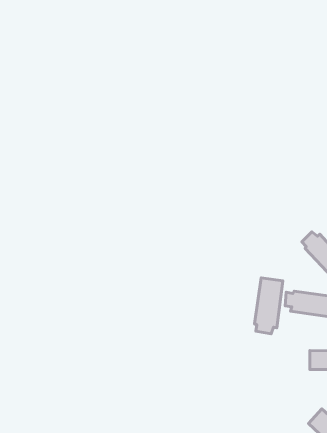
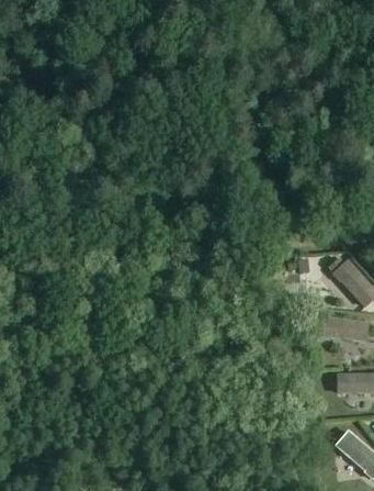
building: [254,278,283,334] -> none

